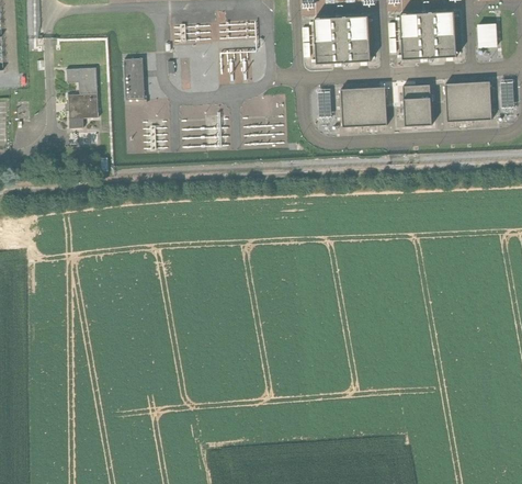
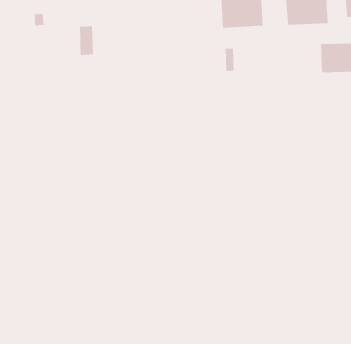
building: [67,66,99,120] -> none
building: [341,85,386,124] -> none
building: [402,85,432,126] -> none

